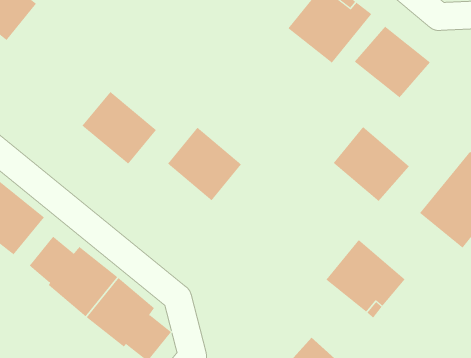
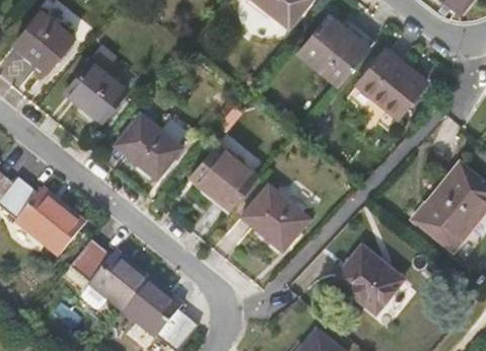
building: none -> [68,45,129,118]
building: [333,126,410,202] -> [240,183,308,250]

